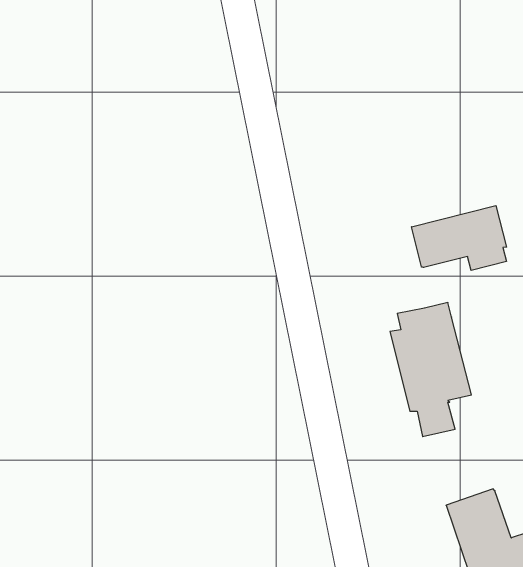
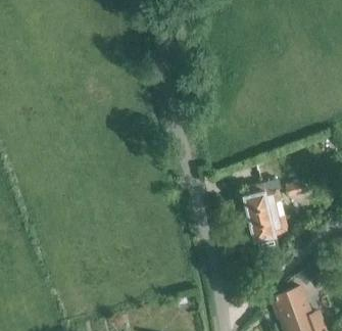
building: [412,206,507,270] -> none

